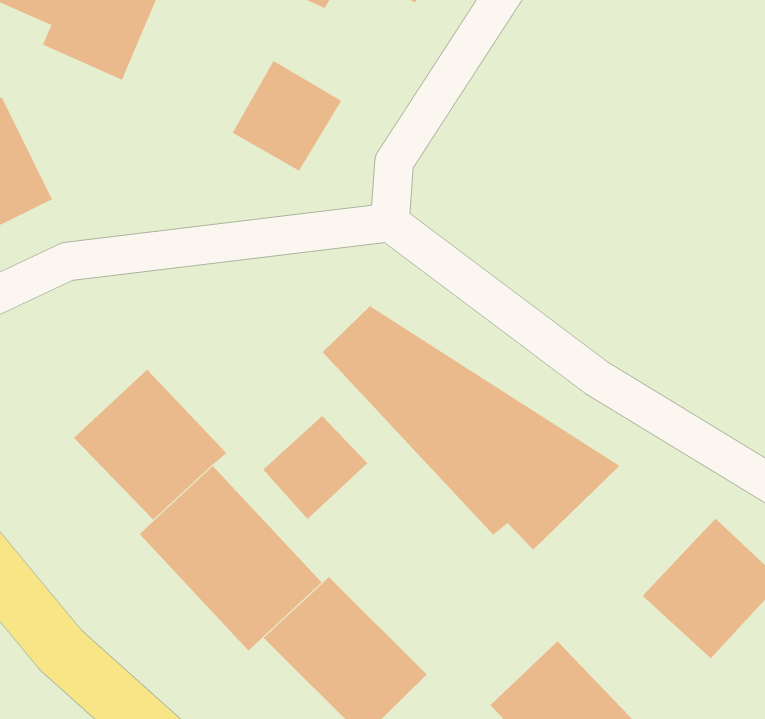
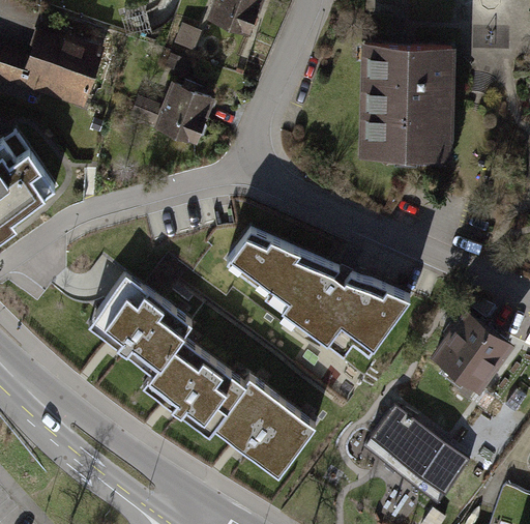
building: none -> [352,53,445,163]
building: [263,415,368,520] -> none

